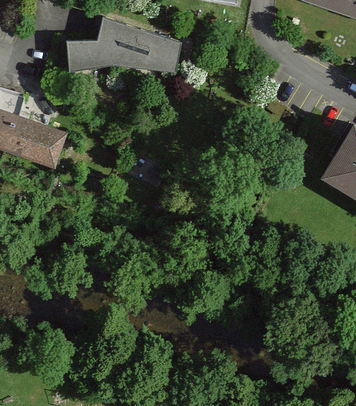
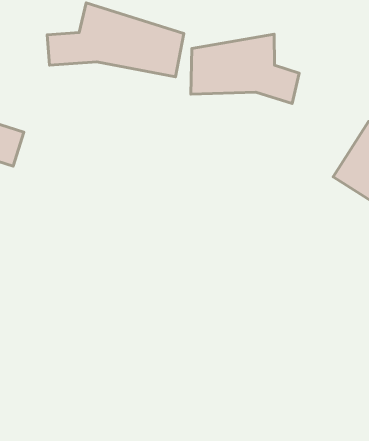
building: none -> [191,34,299,104]

